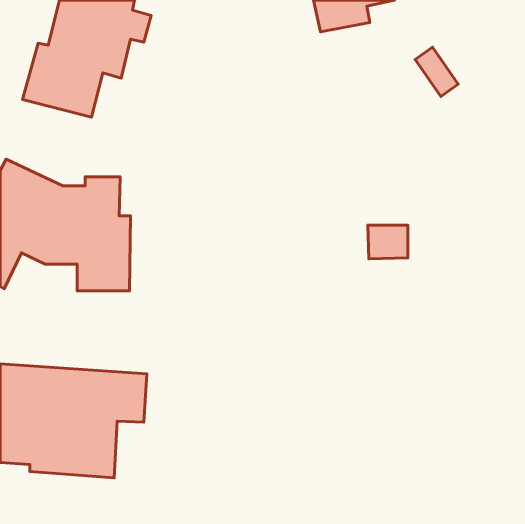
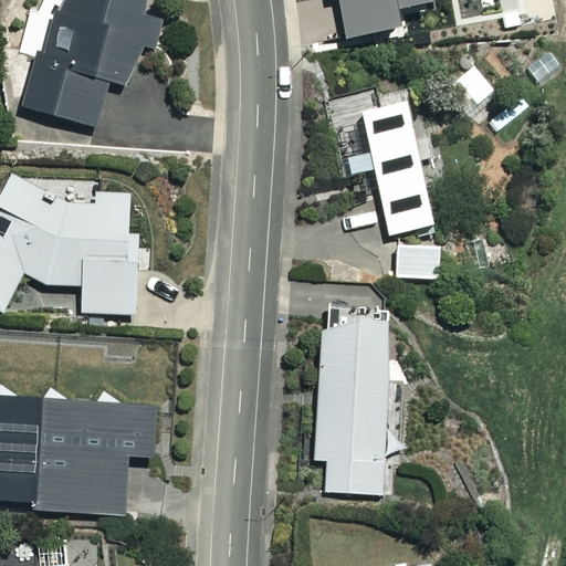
building: none -> [360,98,432,234]
building: none -> [315,317,402,495]

